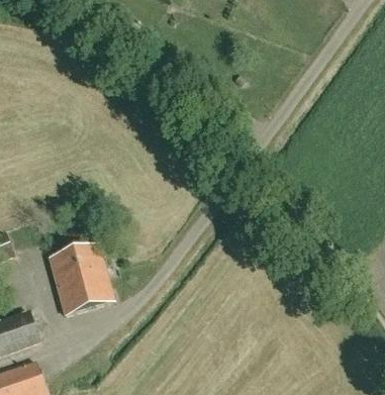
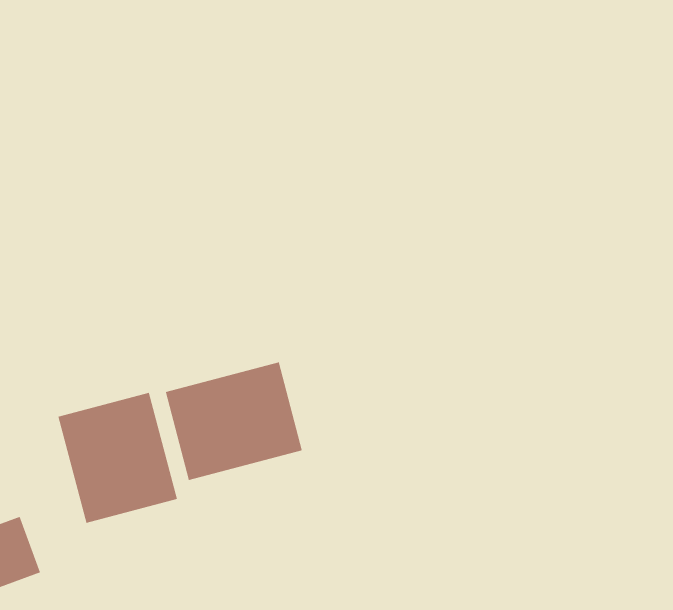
building: none -> [165,361,302,481]

